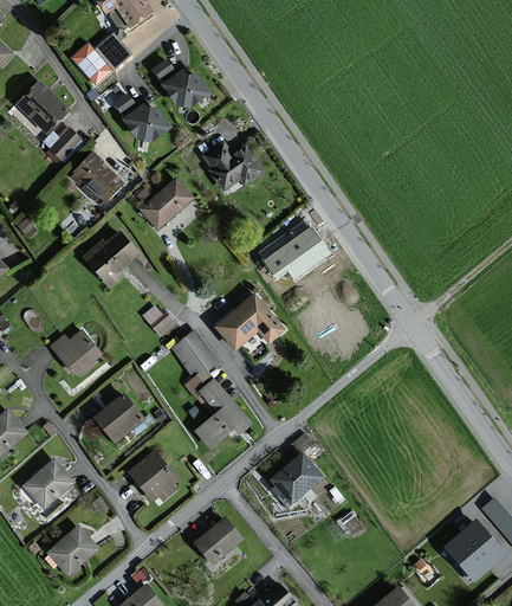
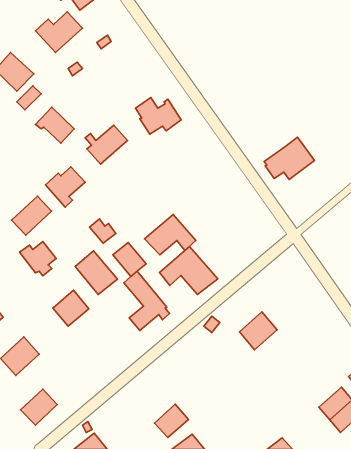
building: [161,71,208,108] -> none
building: [123,107,168,141] -> none
building: [263,223,329,278] -> [264,137,315,179]
building: none -> [12,196,52,235]
building: none -> [159,247,218,295]
building: none -> [75,251,118,294]
building: [129,453,175,499] -> none
building: [270,454,319,504] -> [239,312,277,350]
building: [195,520,240,563] -> [154,404,189,438]

